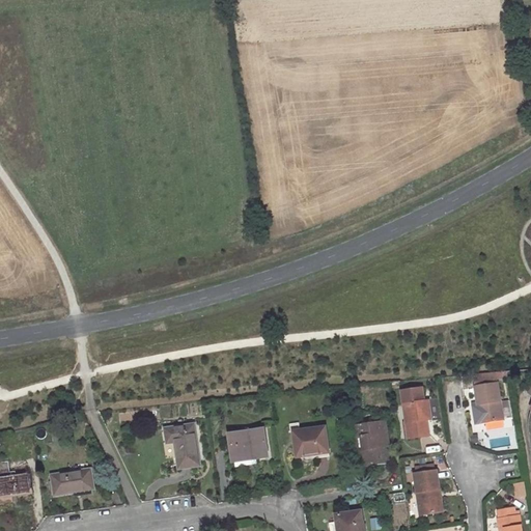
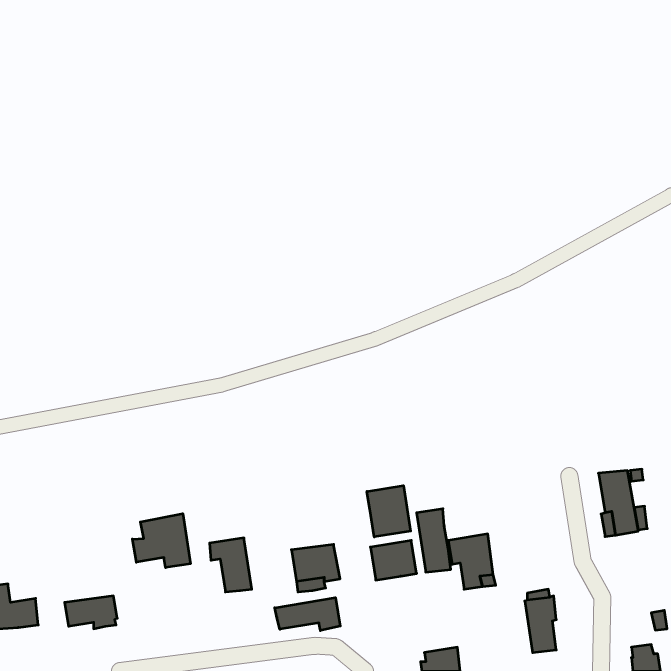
building: none -> [367,486,411,537]
building: [400,387,427,437] -> [417,509,451,572]
building: none -> [132,514,190,568]
building: none -> [275,598,340,631]

